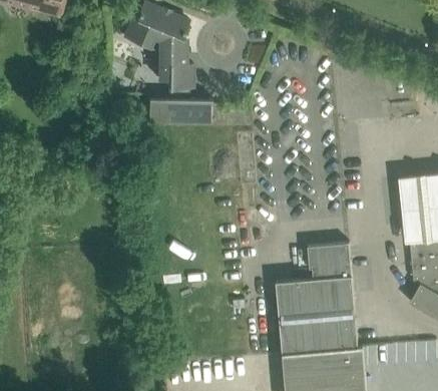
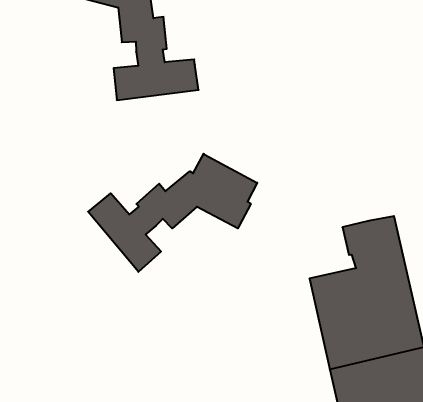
building: none -> [88,154,257,272]

